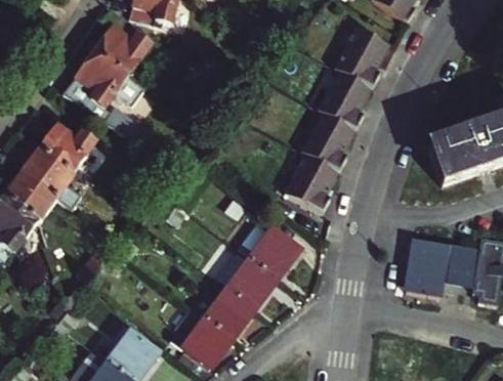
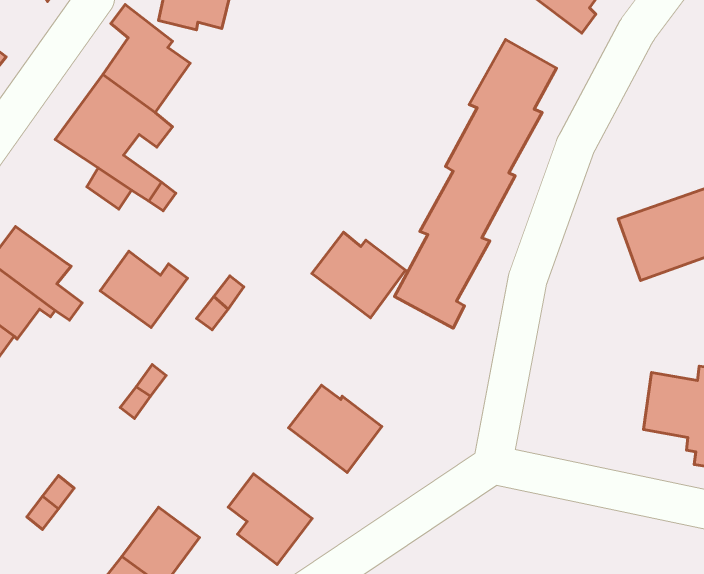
building: [39,123,95,172] -> [100,251,188,327]
building: [238,222,298,278] -> [312,232,405,318]
building: [406,238,450,294] -> none
building: [205,288,253,337] -> none

